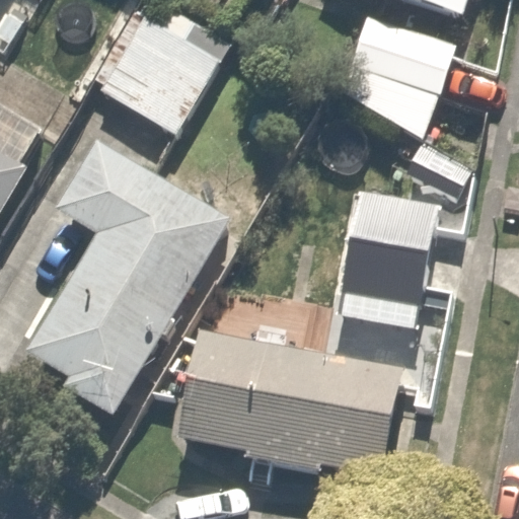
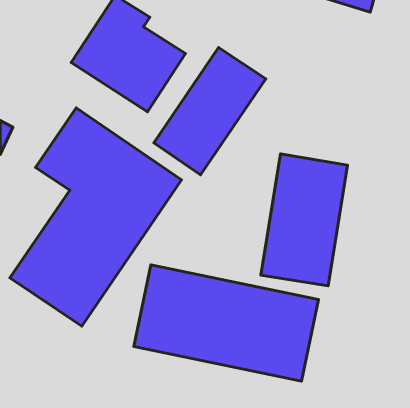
building: [342,14,456,145] -> none
building: none -> [154,47,266,175]

